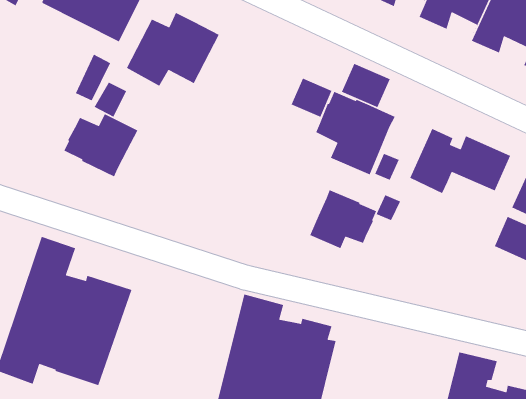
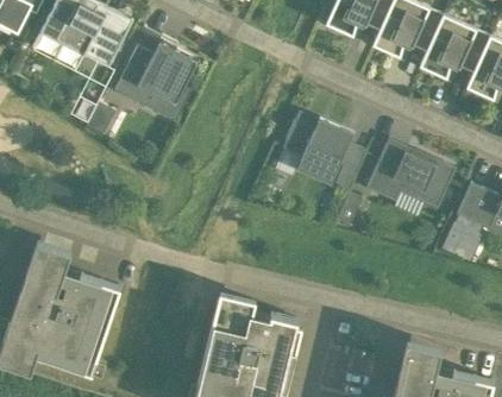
building: [341,63,391,108] -> none
building: [291,78,333,118] -> none
building: [63,113,138,178] -> none
building: [309,189,377,249] -> none

